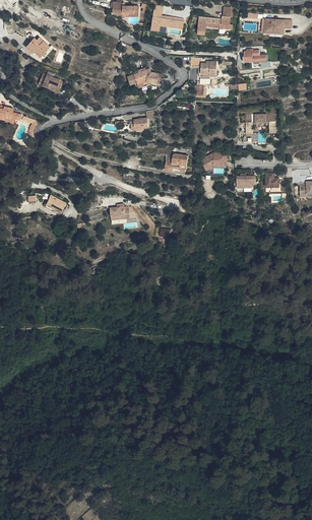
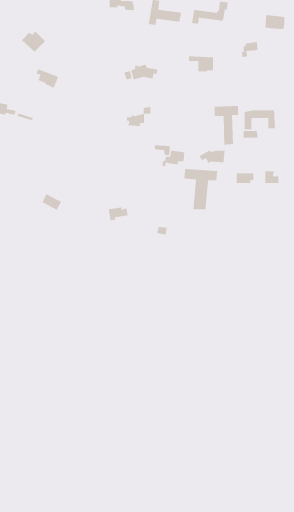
building: none -> [214,105,239,146]
building: none -> [183,168,218,210]

